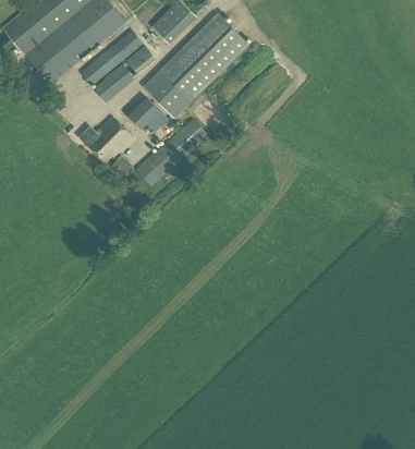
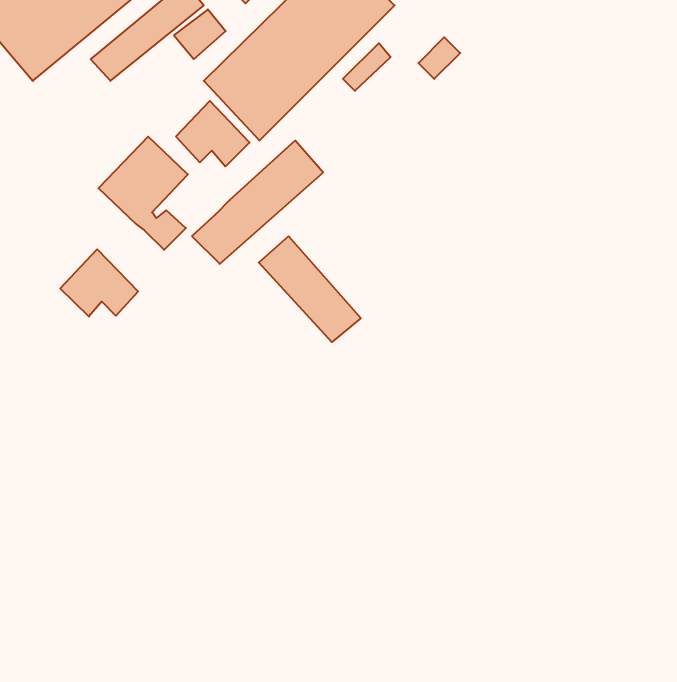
building: [94,64,133,101] -> none
building: none -> [259,236,361,342]
building: none -> [60,249,138,317]

